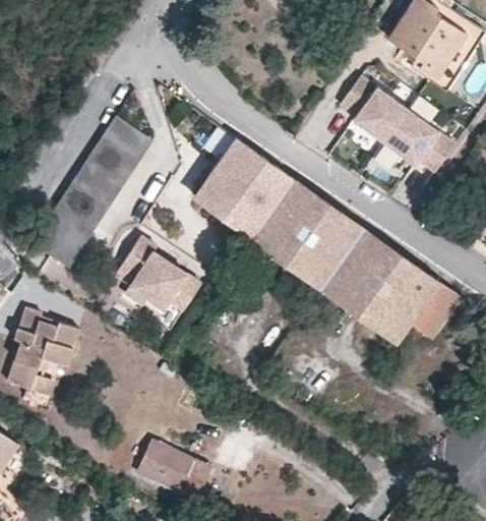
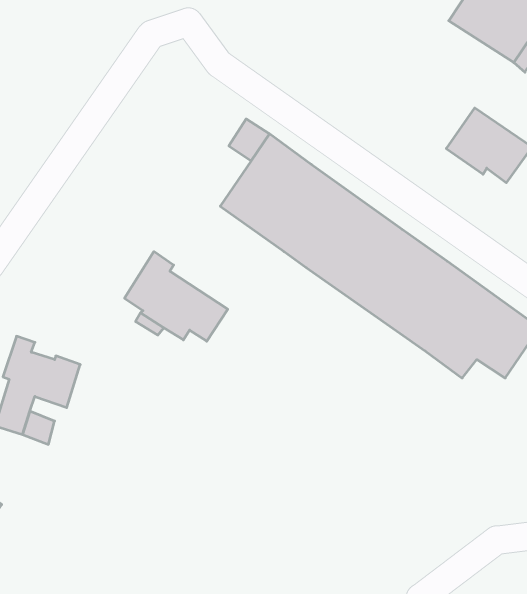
building: [339,82,407,150] -> none
building: [33,116,150,265] -> none
building: [140,440,210,499] -> none

